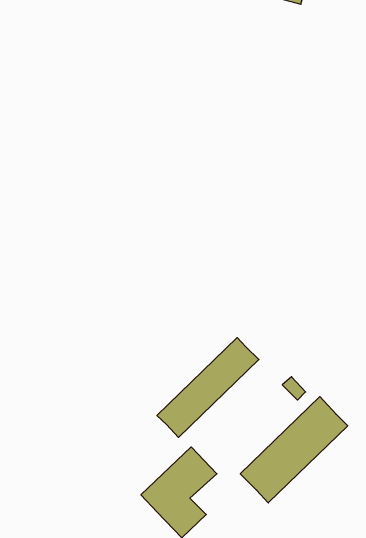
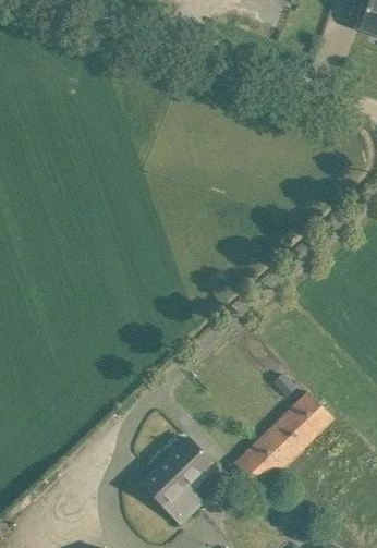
building: [157,338,259,437] -> none

